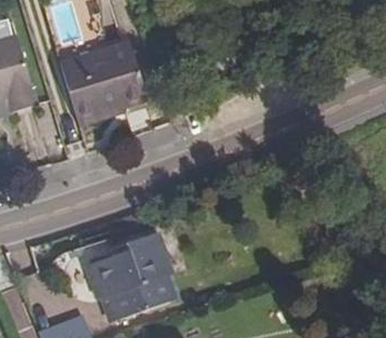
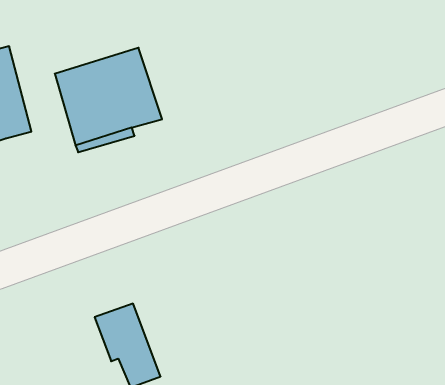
building: [117,226,171,307] -> none

